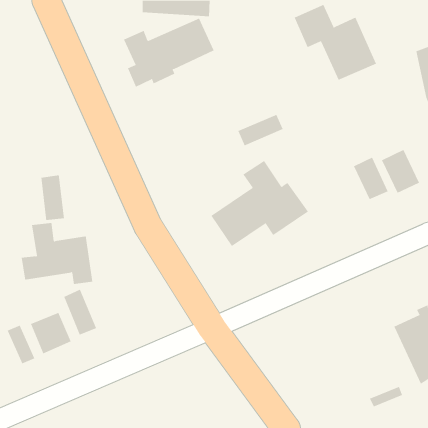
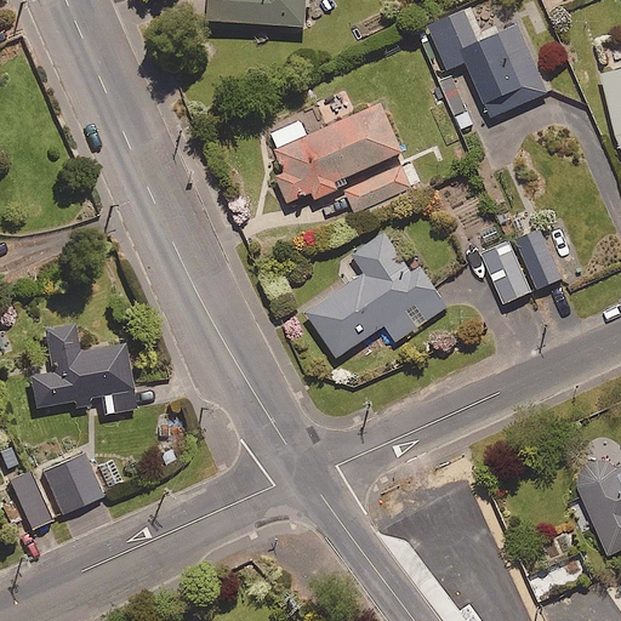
building: [123,18,215,87] -> [270,103,403,204]
building: [381,149,420,194] -> [479,241,535,306]
building: [41,174,65,221] -> none
building: [64,289,97,335] -> none

